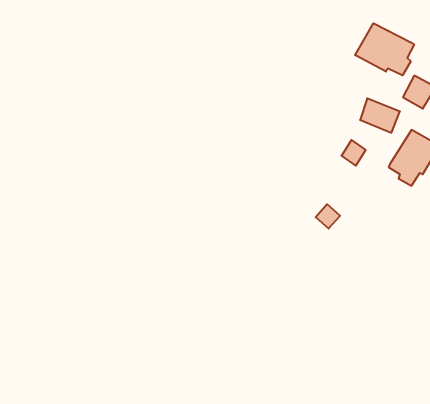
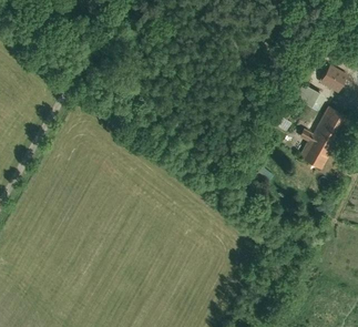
building: [355,23,414,75] -> none
building: none -> [299,131,328,168]

